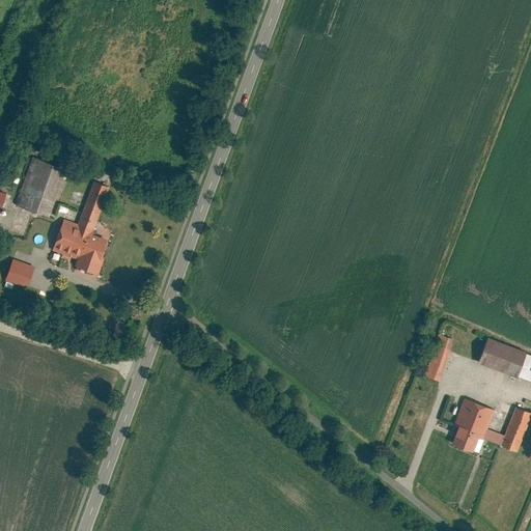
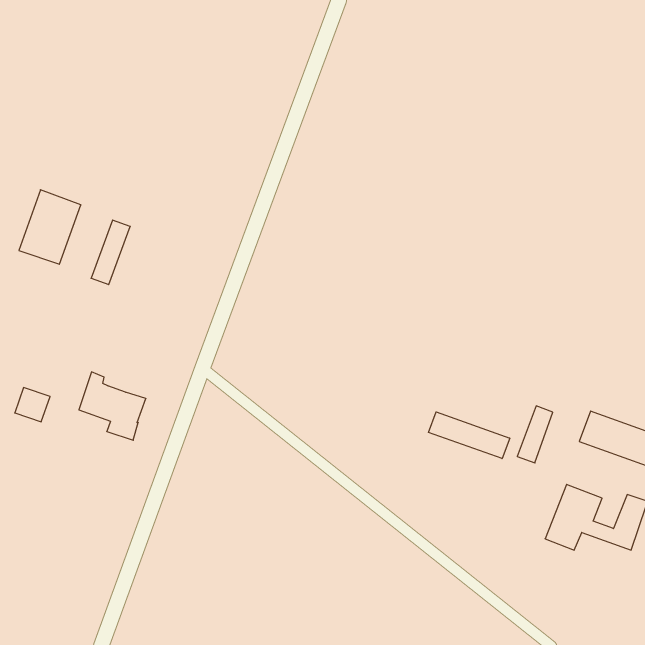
building: [52,218,107,274] -> [79,372,146,440]
building: [6,259,35,287] -> [15,388,50,422]
building: none -> [429,412,510,459]

